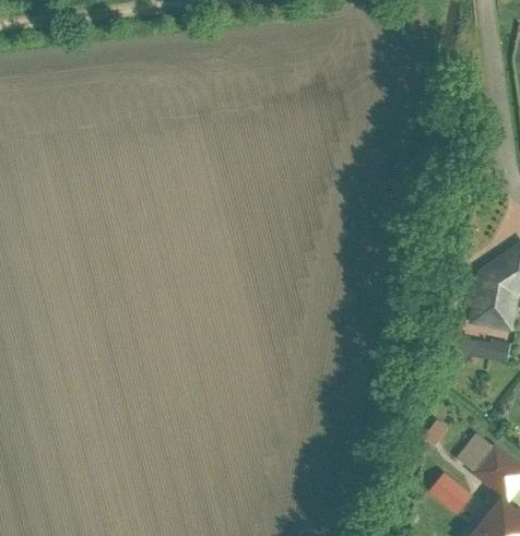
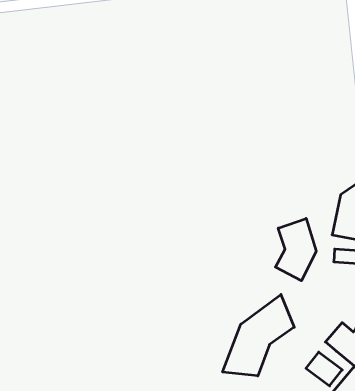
building: none -> [275,218,316,281]
building: none -> [223,294,294,376]

